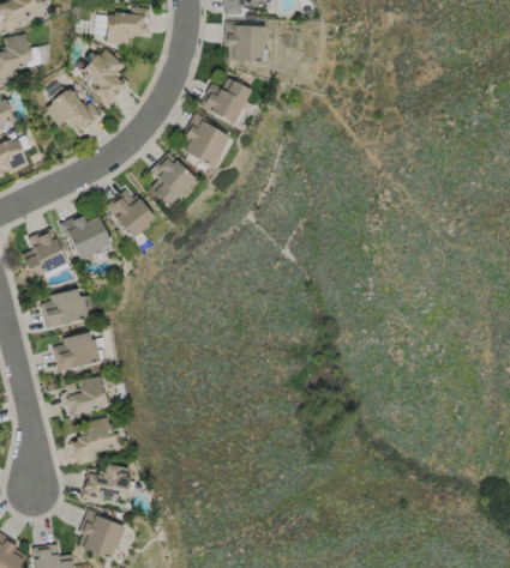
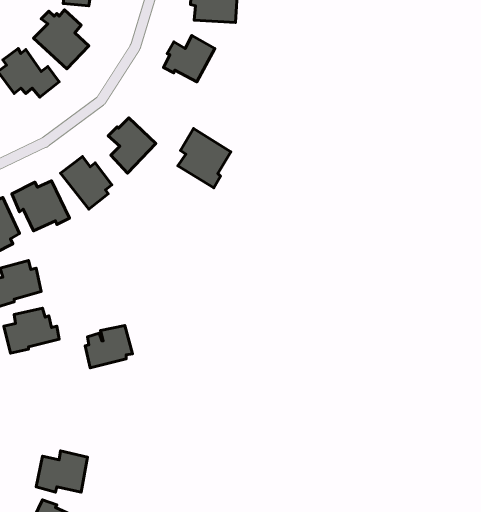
building: [182,113,232,168] -> [178,129,231,188]
building: [62,375,107,415] -> [85,325,133,368]
building: [72,416,115,466] -> none

